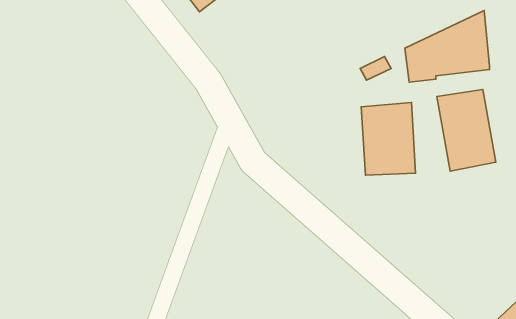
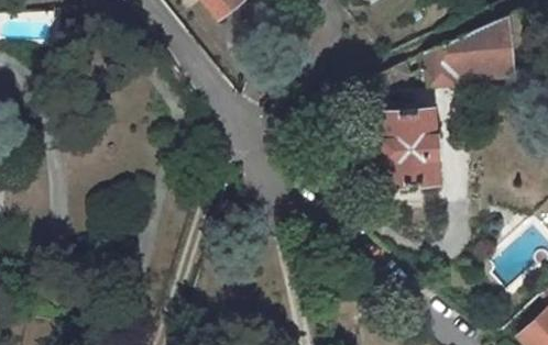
building: [437,90,496,171] -> none

